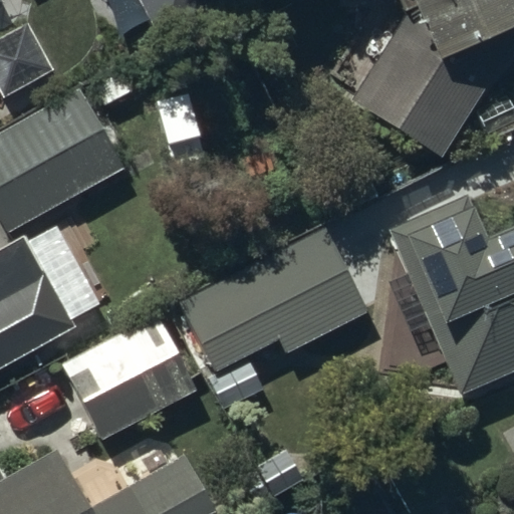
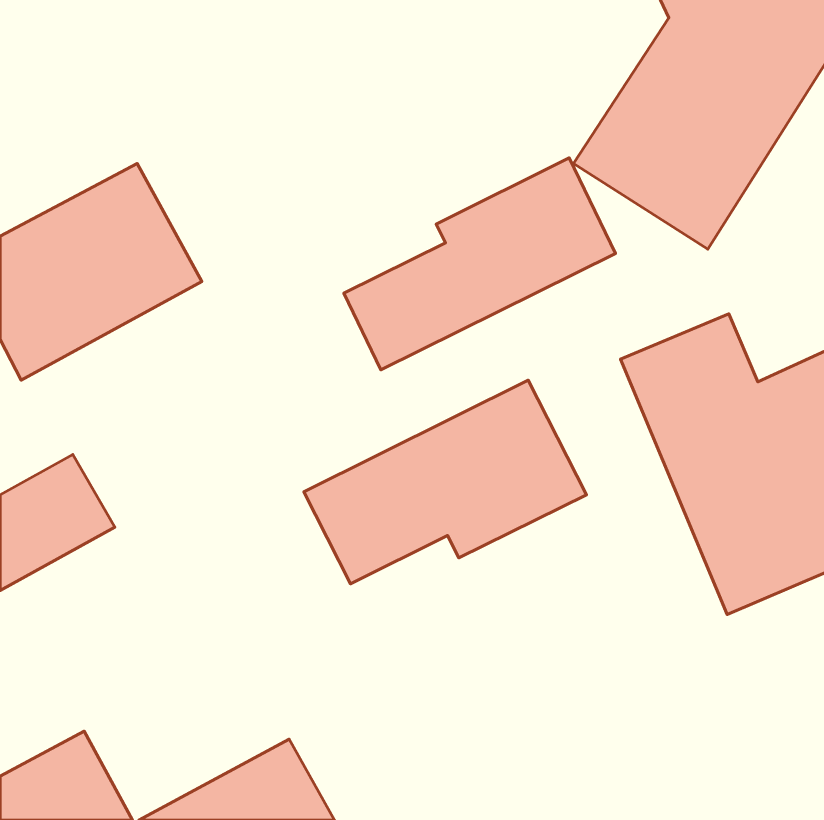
building: none -> [344,158,615,370]
building: [63,319,195,440] -> none

